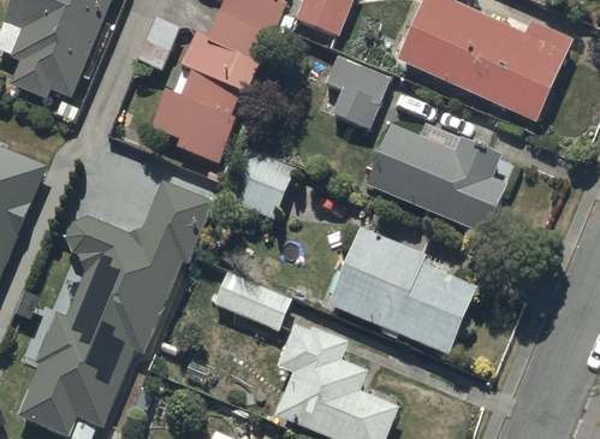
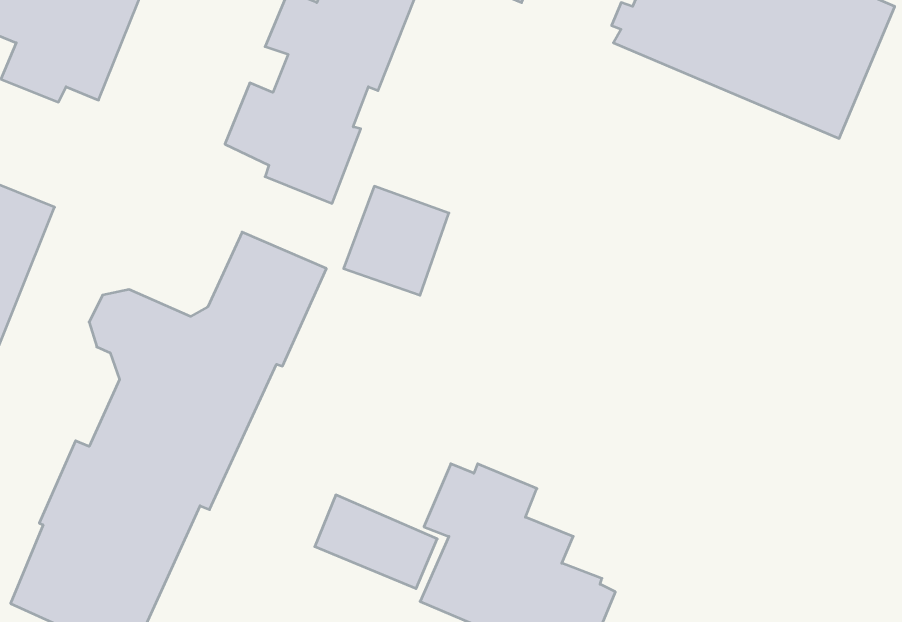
building: [325,51,391,129] -> none
building: [366,121,507,233] -> none
building: [327,225,477,354] -> none
building: [213,271,290,330] -> [315,495,437,589]

